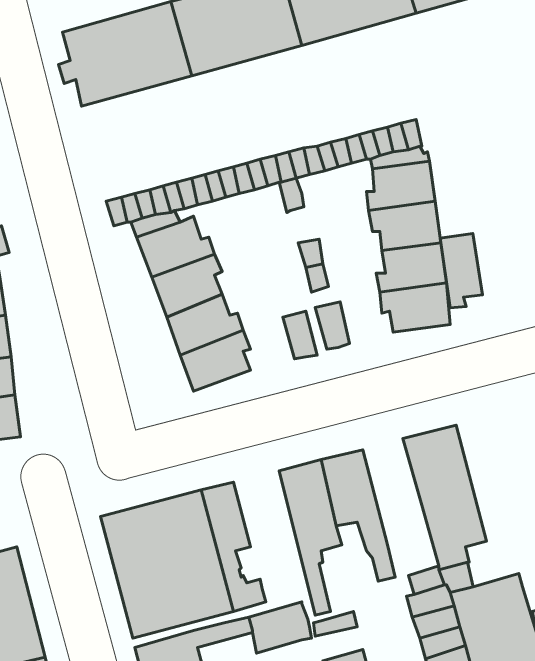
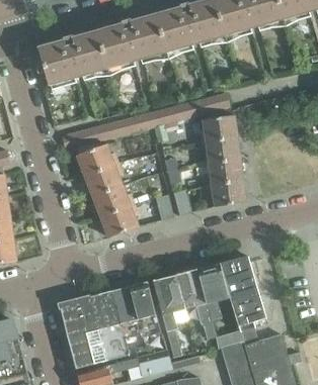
building: [440,233,482,308] -> none
building: none -> [197,263,229,319]
building: none -> [129,281,159,338]

